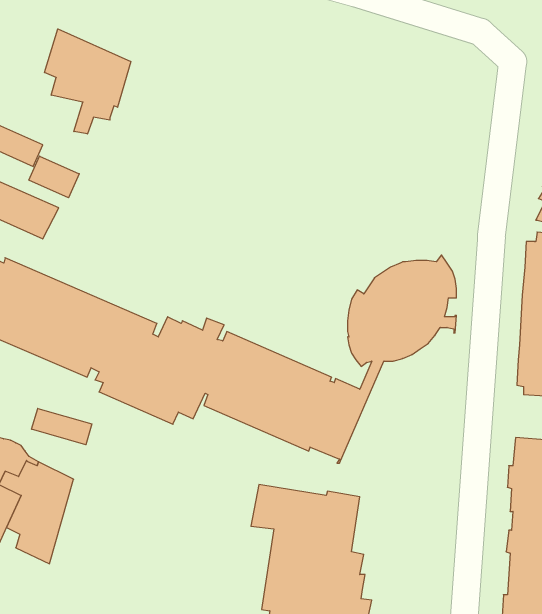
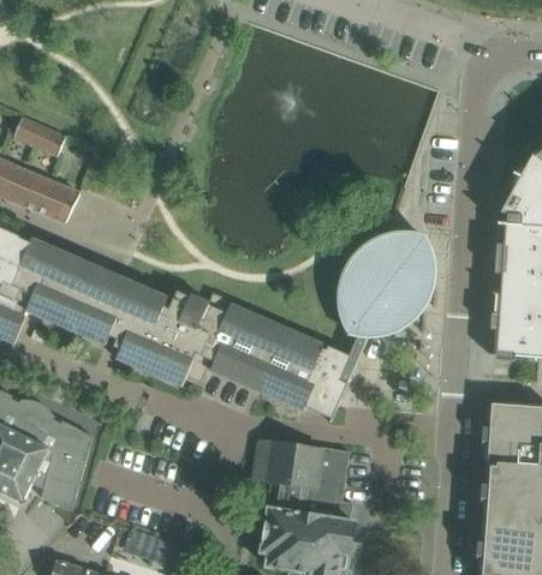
building: [45,29,131,134] -> none
building: [29,156,79,198] -> none
building: [32,408,92,445] -> none

